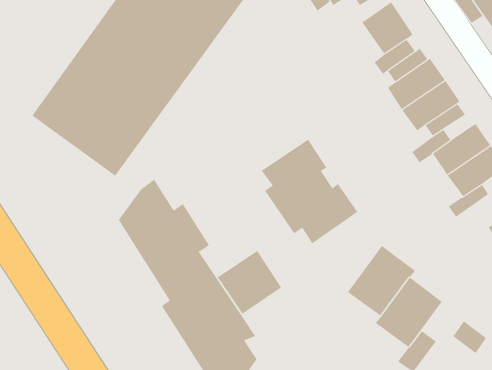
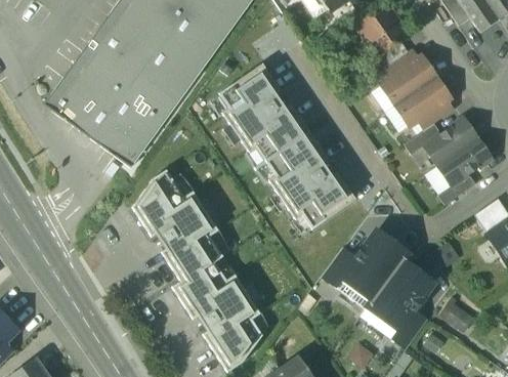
building: none -> [218,64,308,161]
building: [217,250,282,314] -> none
building: none -> [321,246,356,287]

